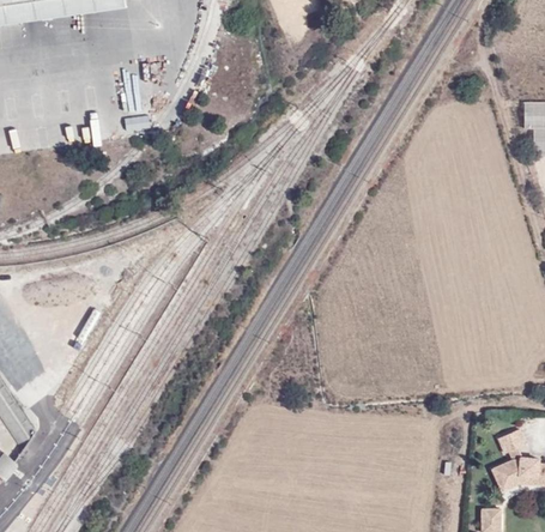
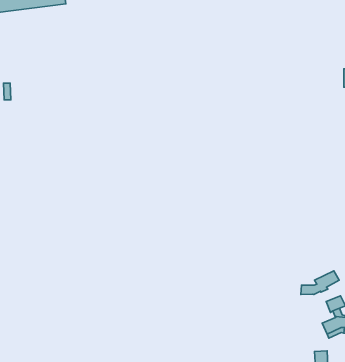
building: none -> [301,271,339,295]

